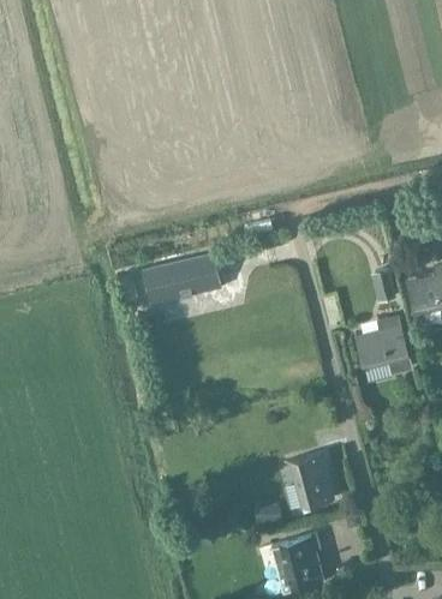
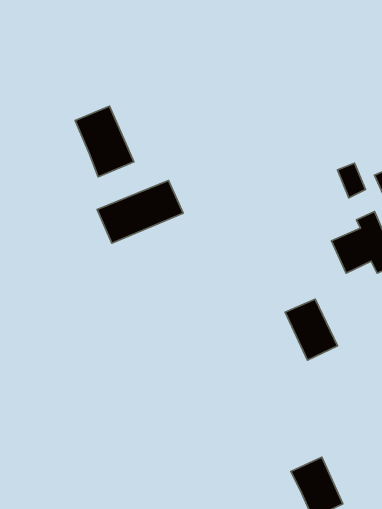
building: none -> [75,106,134,177]
building: [291,453,334,508] -> [285,299,337,360]

